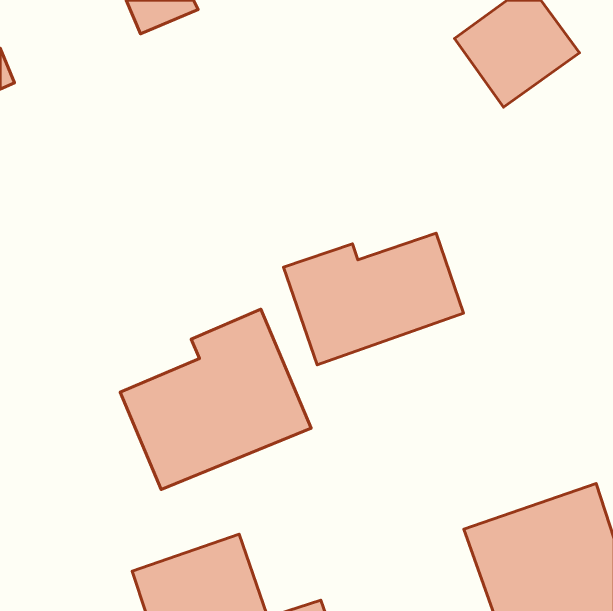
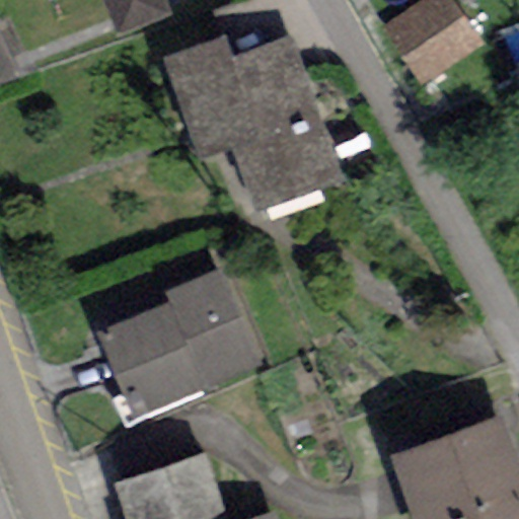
building: none -> [163,32,344,214]
building: [284,233,464,365] -> none

